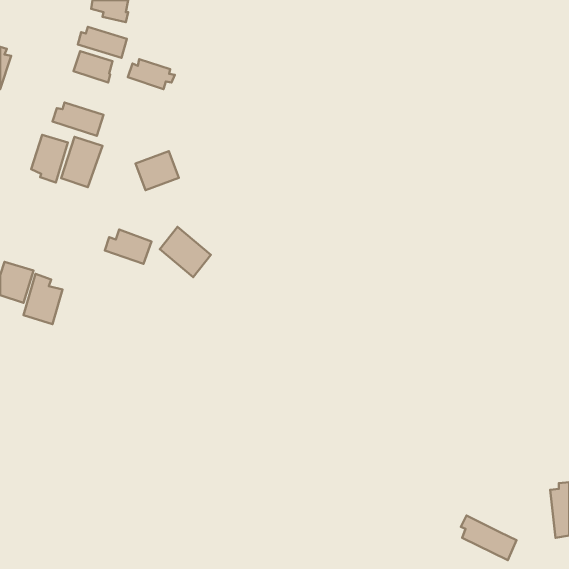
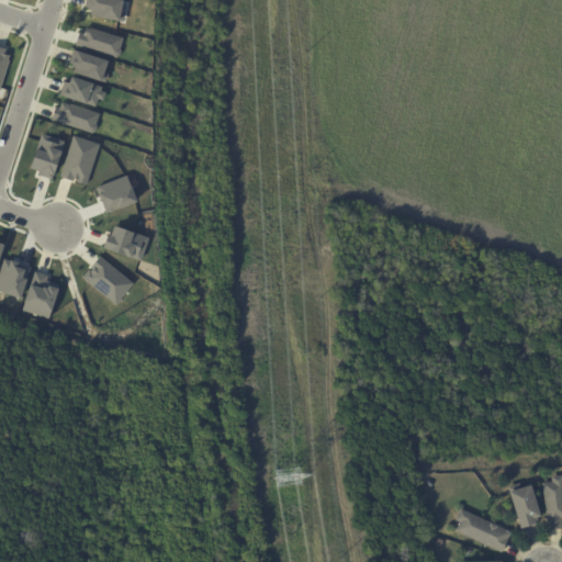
building: [128,59,175,89] -> [61,76,108,105]
building: [136,151,179,190] -> [97,175,139,213]
building: [160,227,211,277] -> [83,256,134,305]
building: none -> [507,483,539,530]

